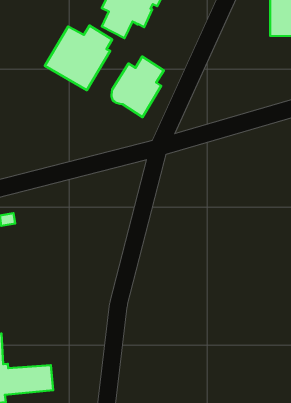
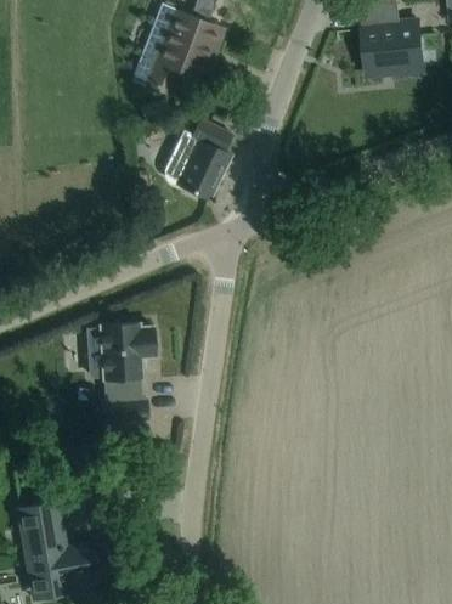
building: [45,25,112,90] -> none
building: none -> [89,322,154,423]

